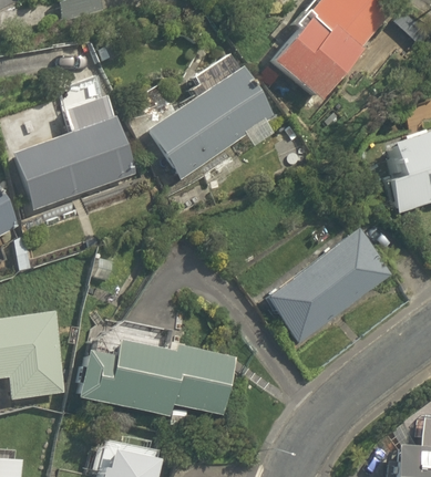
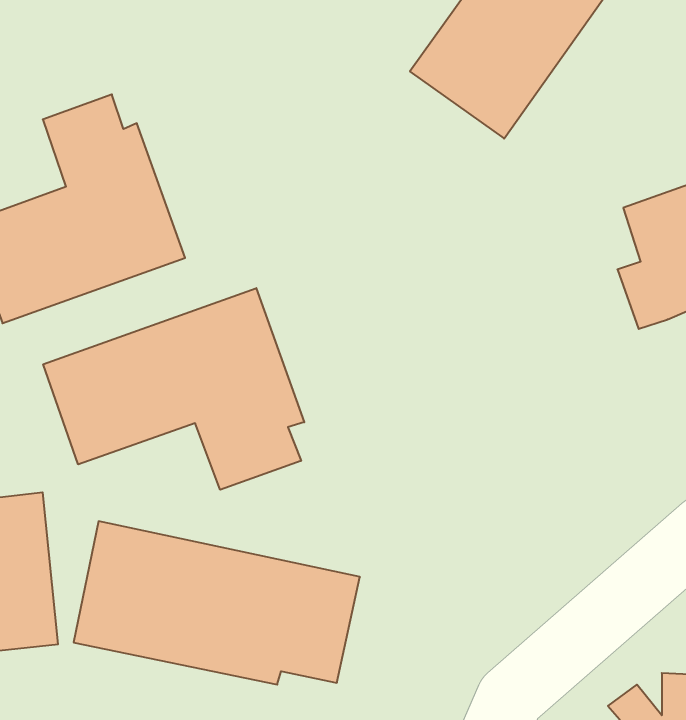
building: [145,70,279,183] -> none
building: none -> [43,288,304,490]
building: [264,228,393,344] -> none

